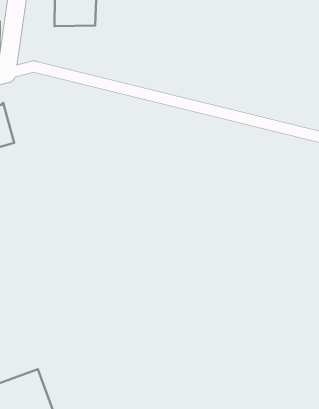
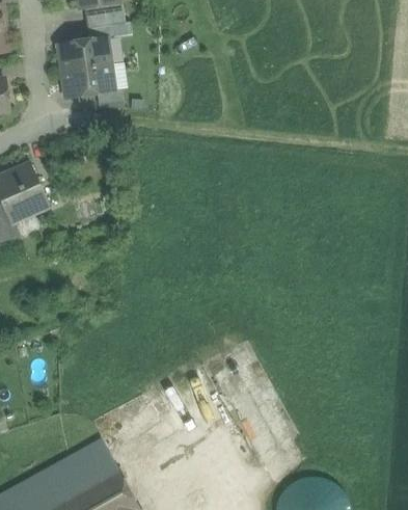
building: none -> [64,70,110,102]

